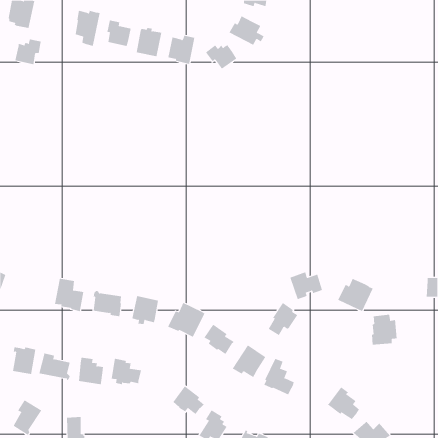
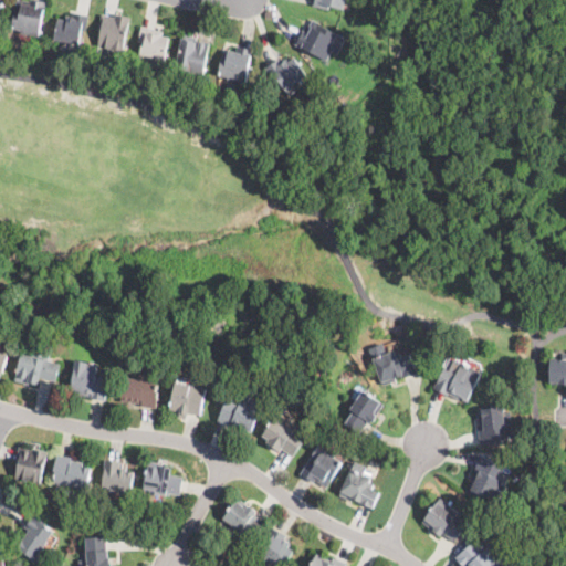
building: [14,39,42,65] -> [53,12,88,45]
building: none -> [12,350,60,388]
building: none -> [469,455,507,504]

